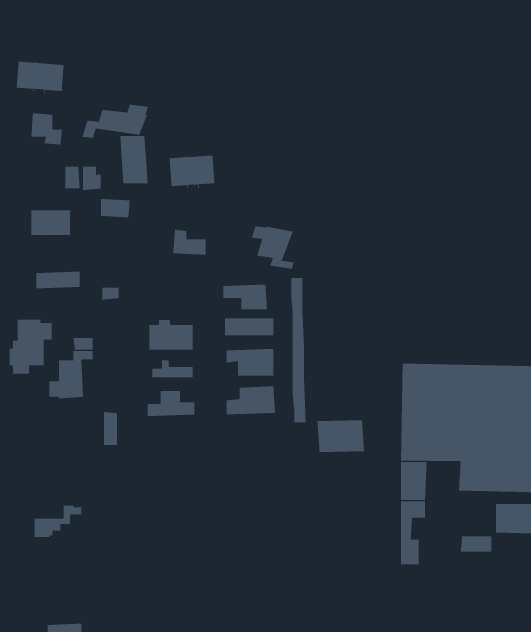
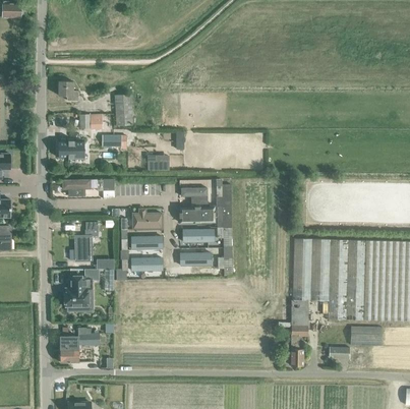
building: [16,60,64,94] -> none
building: [82,104,148,139] -> none
building: [169,155,217,189] -> none
building: [251,225,295,270] -> none
building: [9,319,52,374] -> [65,276,93,310]
building: [317,419,365,453] -> none
building: none -> [59,333,99,362]

